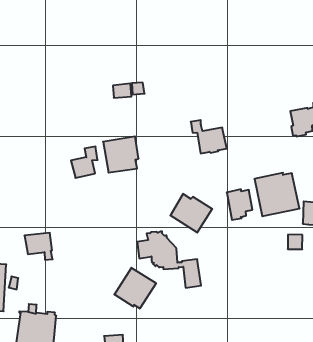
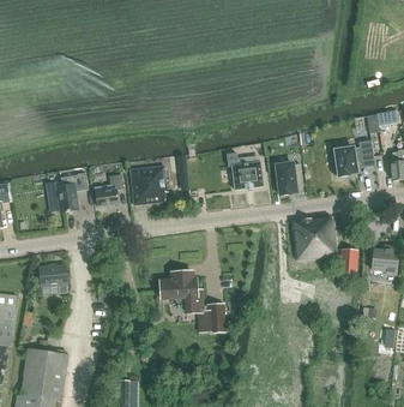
building: none -> [56,172,88,211]
building: [227,189,252,220] -> [277,162,303,194]
building: [170,194,212,233] -> none
building: [114,268,156,309] -> none

